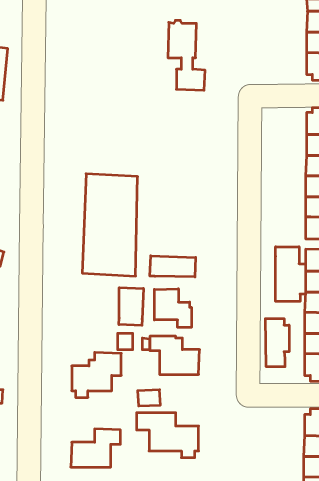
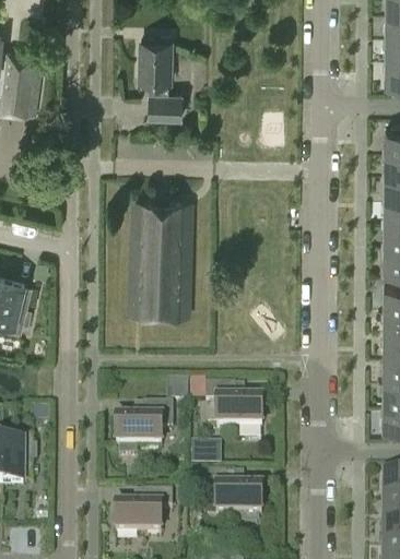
building: [168,20,205,90] -> [139,39,181,119]
building: [276,247,305,301] -> none
building: [150,256,196,277] -> none
building: [119,288,143,325] -> none
building: [154,289,191,327] -> none
building: [265,319,289,367] -> none

